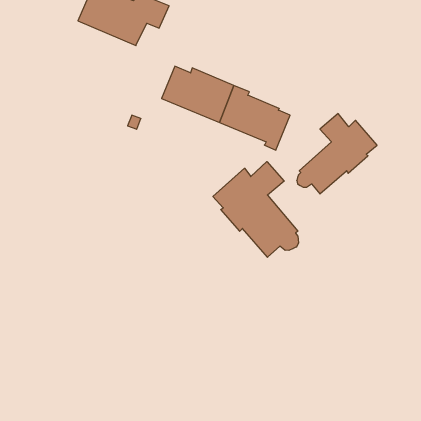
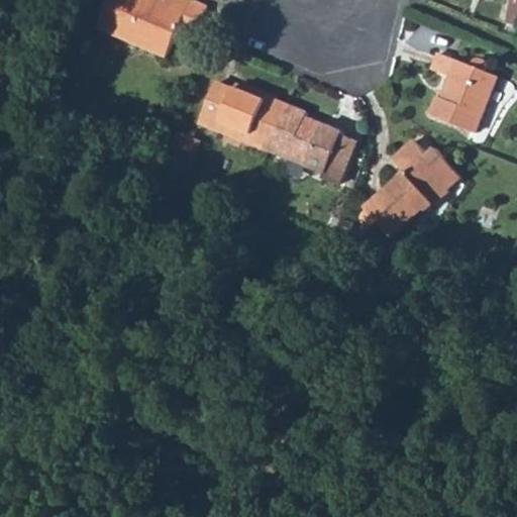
building: none -> [428,51,496,132]
building: [213,162,298,257] -> none

